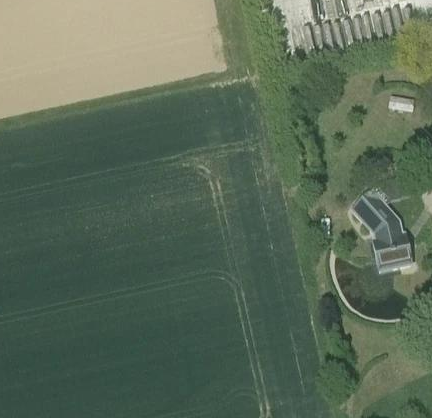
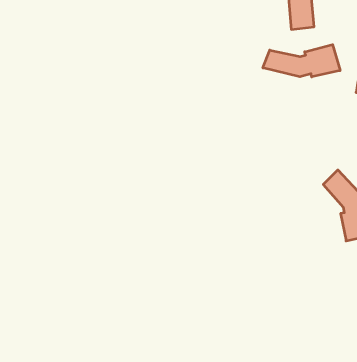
building: none -> [263,45,340,77]

